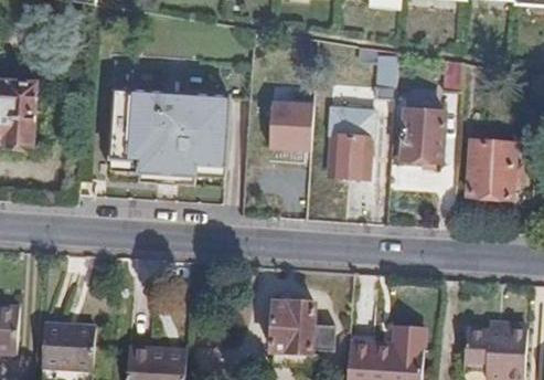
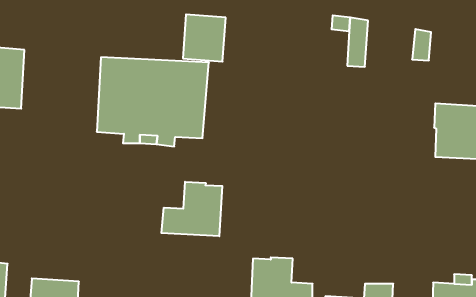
building: [268,99,313,149] -> [183,14,226,62]
building: [327,104,374,177] -> none
building: [402,108,442,159] -> none
building: none -> [161,182,222,236]

